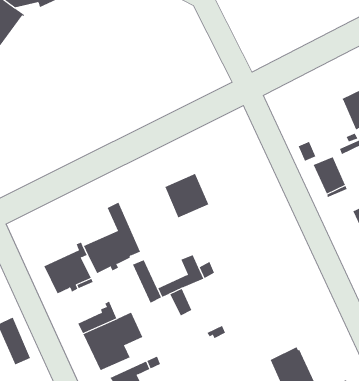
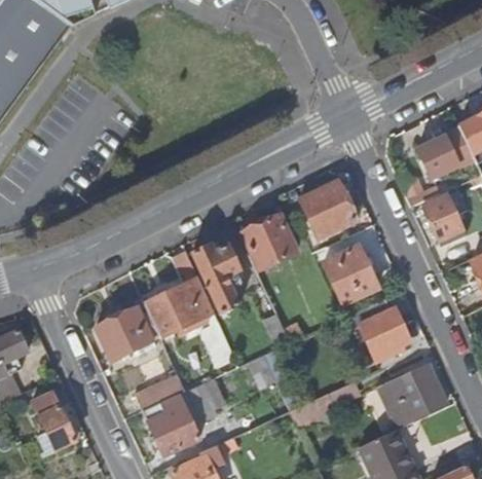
building: none -> [416,127,473,178]
building: none -> [298,182,355,237]
building: none -> [191,245,239,314]
building: none -> [324,246,377,303]
building: none -> [353,298,409,359]
building: none -> [392,370,445,421]

